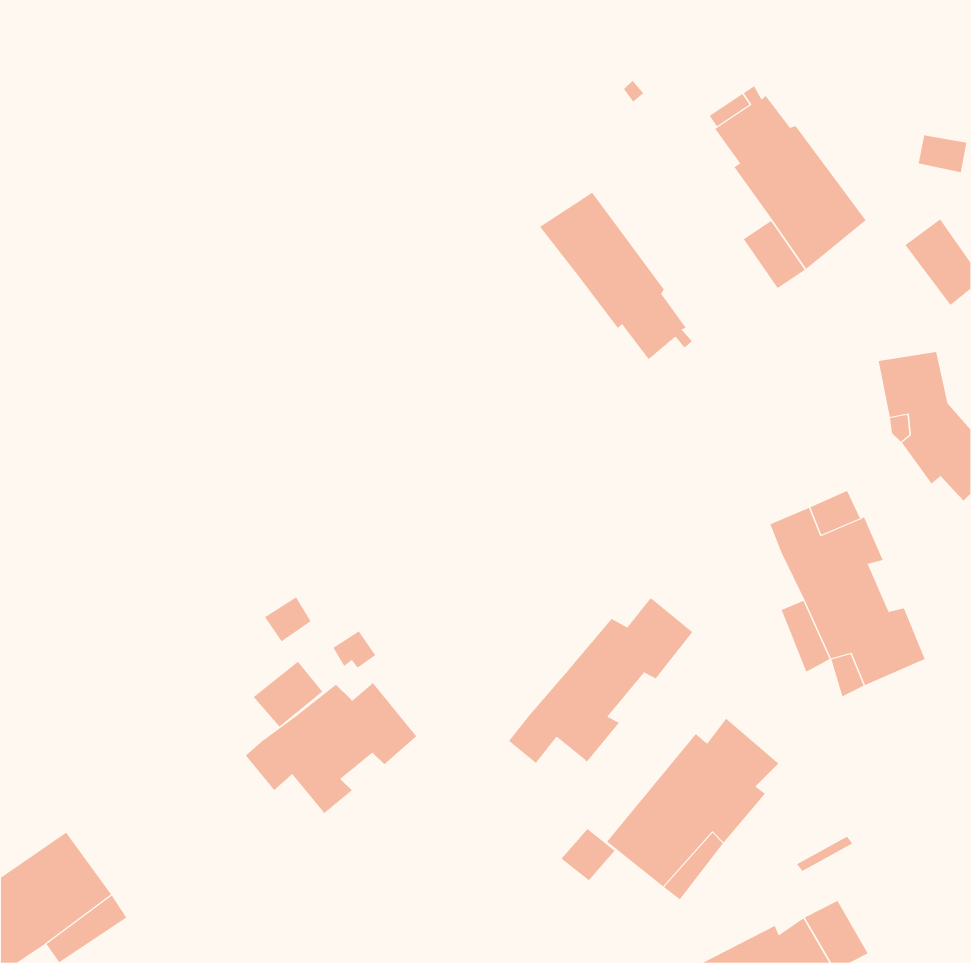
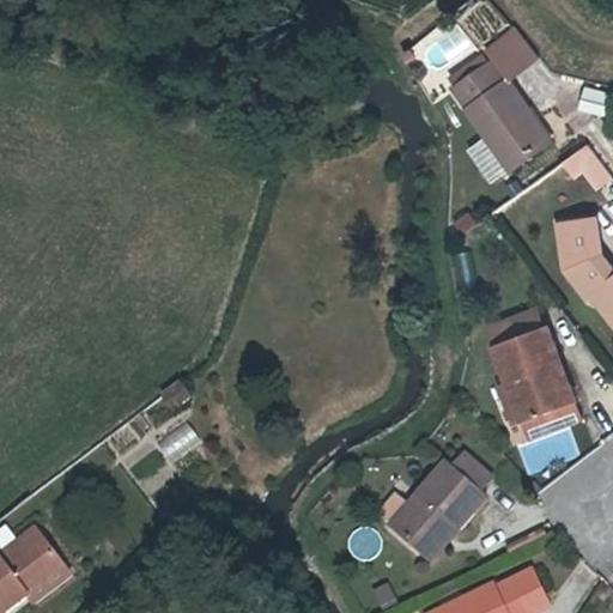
building: none -> [480,23,535,78]
building: [539,192,693,360] -> none
building: [508,597,693,764] -> none
building: [245,682,417,814] -> none

